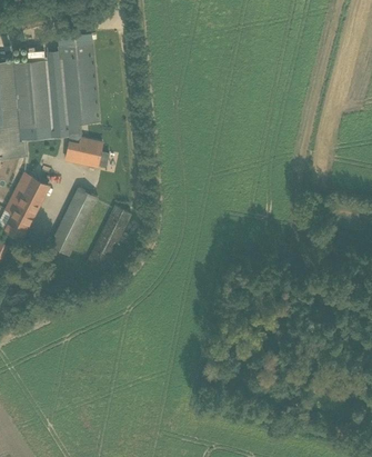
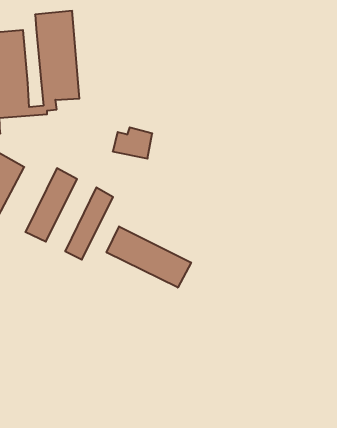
building: [64,138,101,167] -> [113,127,152,159]
building: none -> [107,226,191,288]

